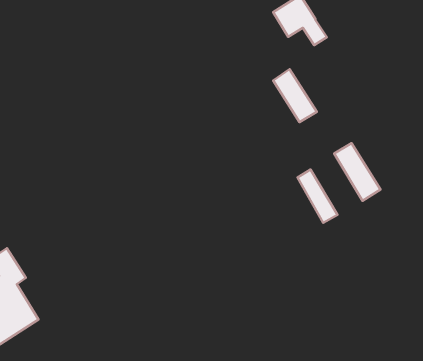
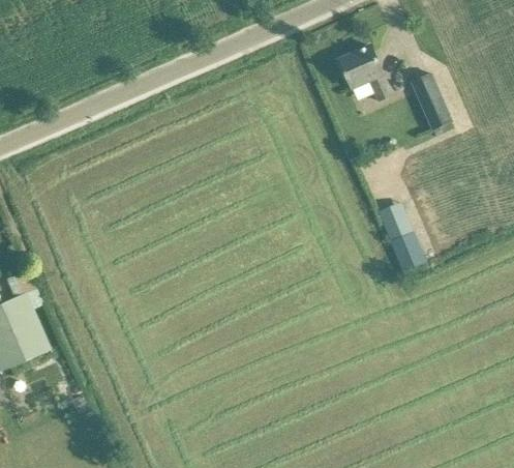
building: [273,69,317,122] -> [410,72,451,129]
building: [297,170,338,223] -> none

